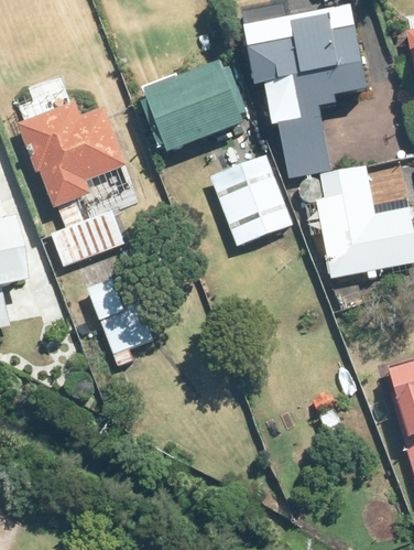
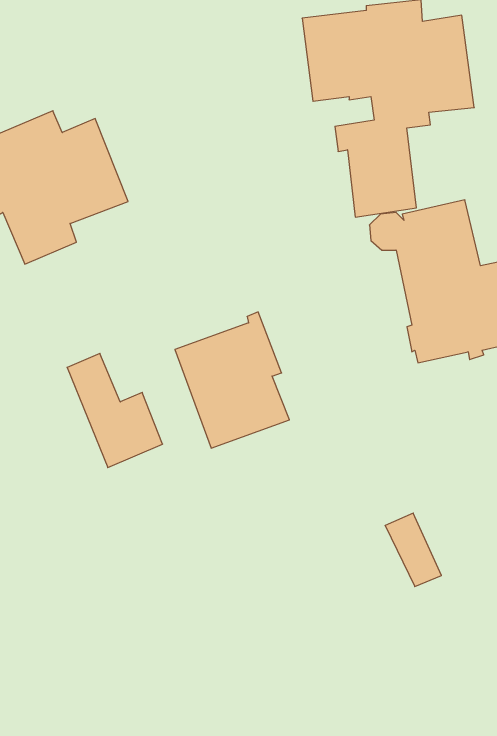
building: [140,64,249,157] -> none
building: [210,147,291,242] -> [175,312,289,448]
building: [46,198,122,263] -> none

